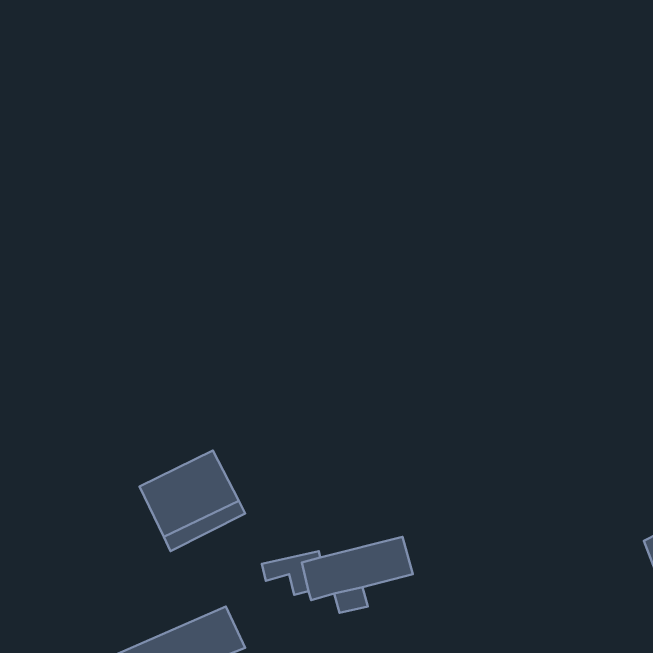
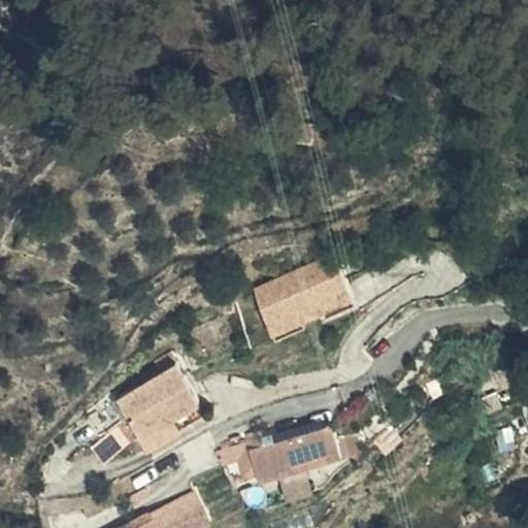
building: none -> [262,259,361,336]

